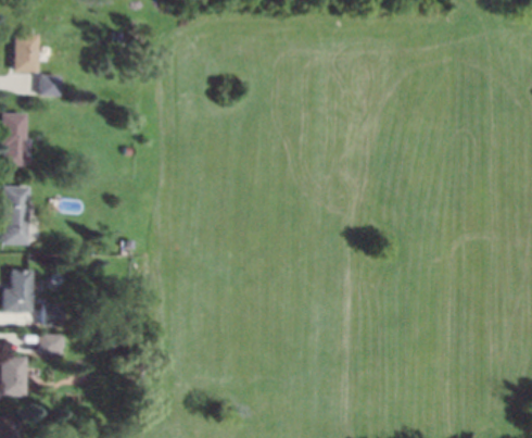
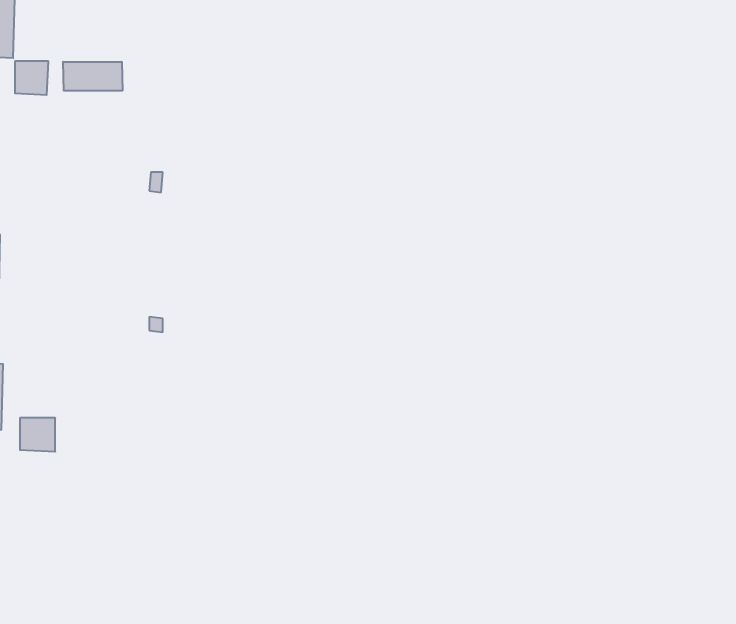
building: none -> [63,62,122,91]
building: [40,333,63,353] -> none

